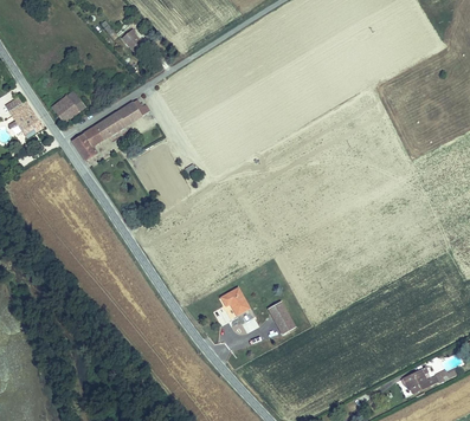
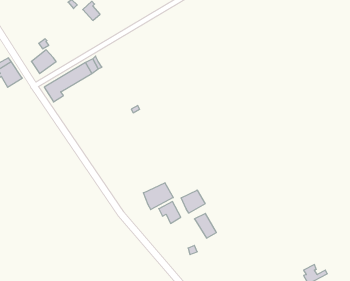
building: none -> [143,183,173,210]
building: none -> [181,190,205,213]

